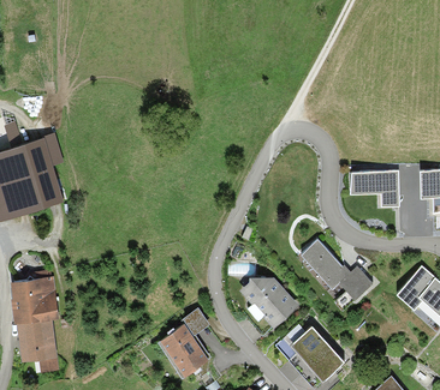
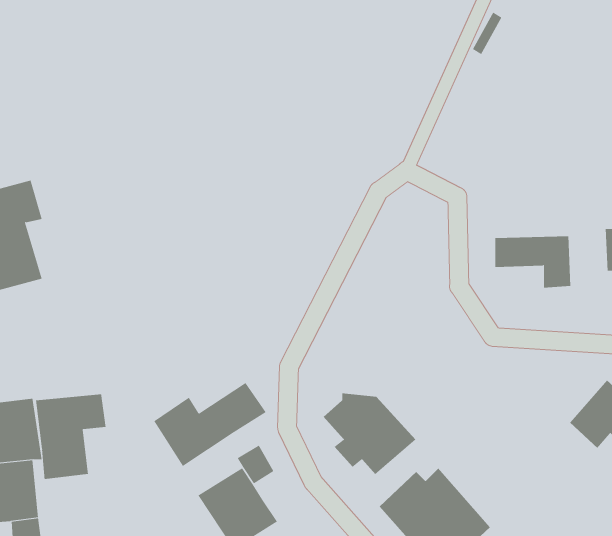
building: [301,241,373,312] -> none
building: none -> [154,382,266,467]
building: none -> [36,393,106,480]

